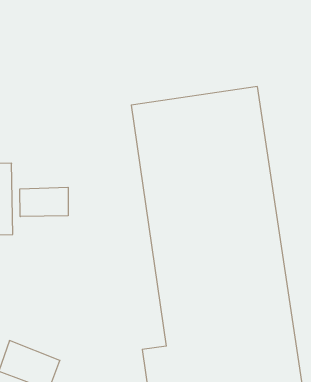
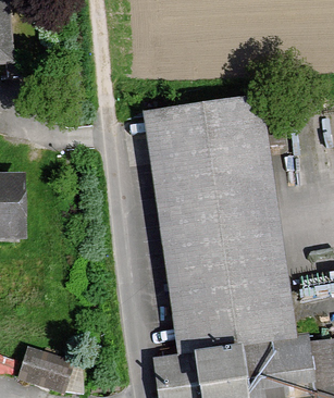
building: [20,187,68,217] -> none

